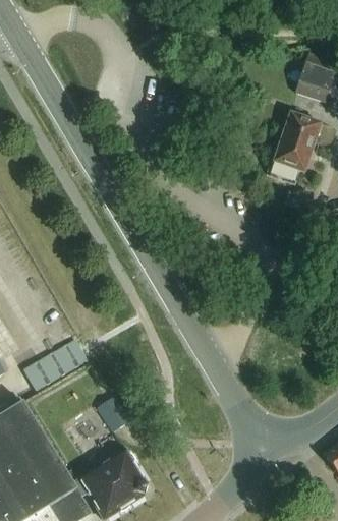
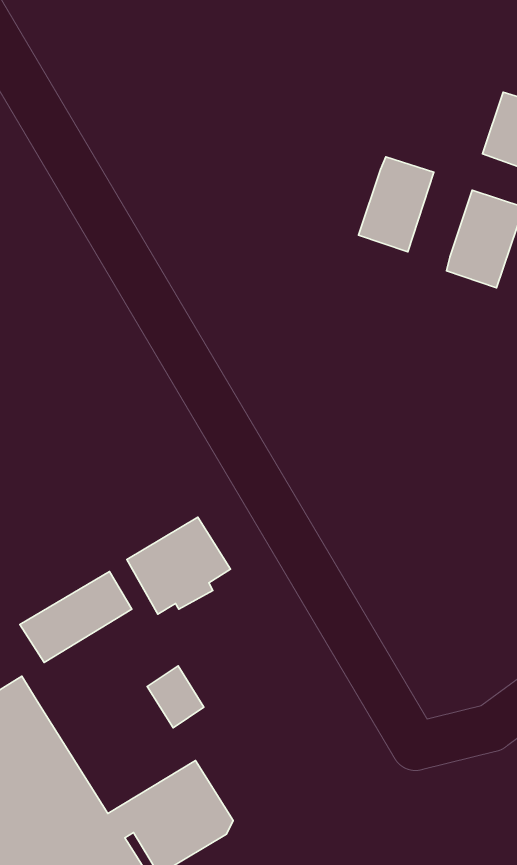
building: none -> [359,157,434,252]
building: none -> [127,517,231,614]

